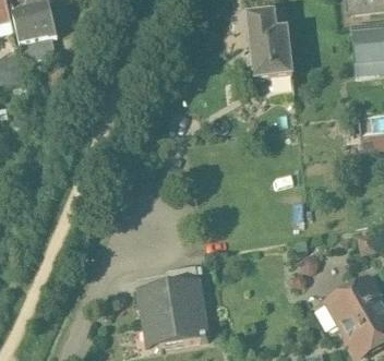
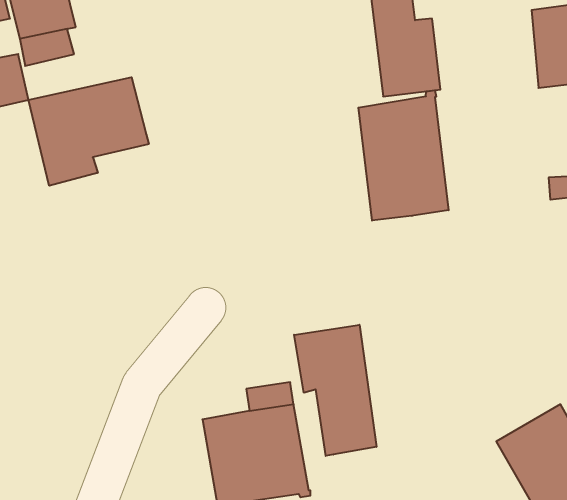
building: none -> [28,77,149,186]
building: none -> [358,90,449,221]
building: none -> [294,325,376,456]

